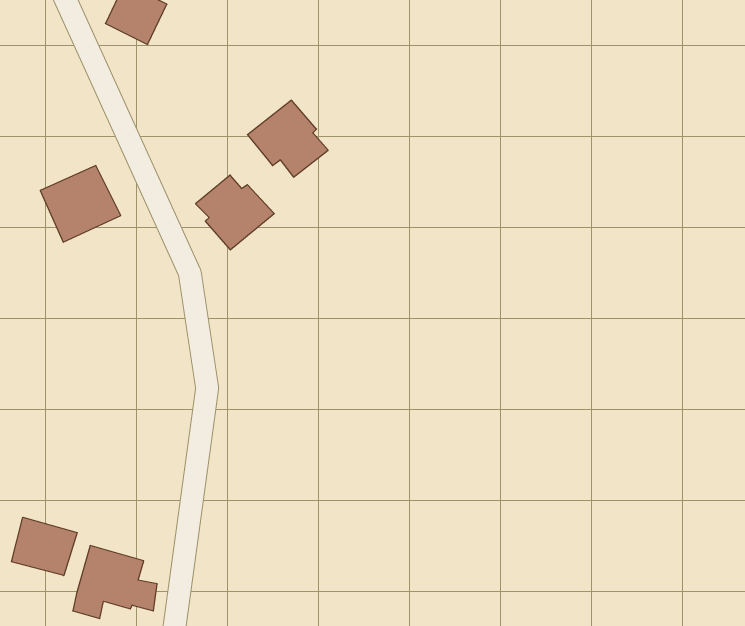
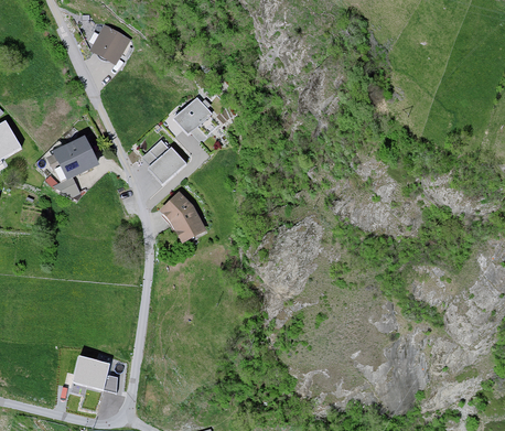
building: none -> [158,191,206,243]
building: [11,517,77,576] -> none

